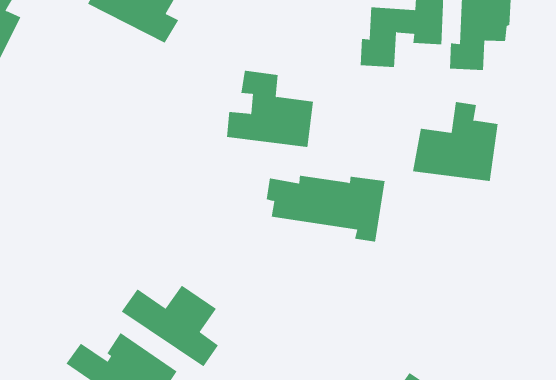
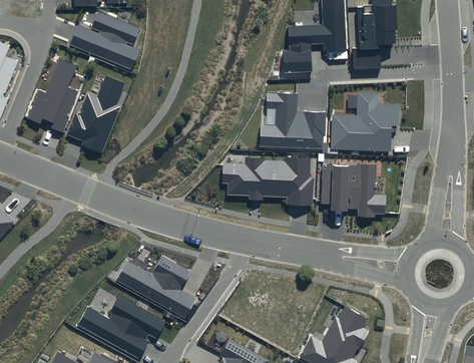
building: none -> [26,58,78,134]
building: none -> [67,77,127,154]
building: [226,70,314,147] -> [259,92,324,147]
building: none -> [320,163,385,218]

